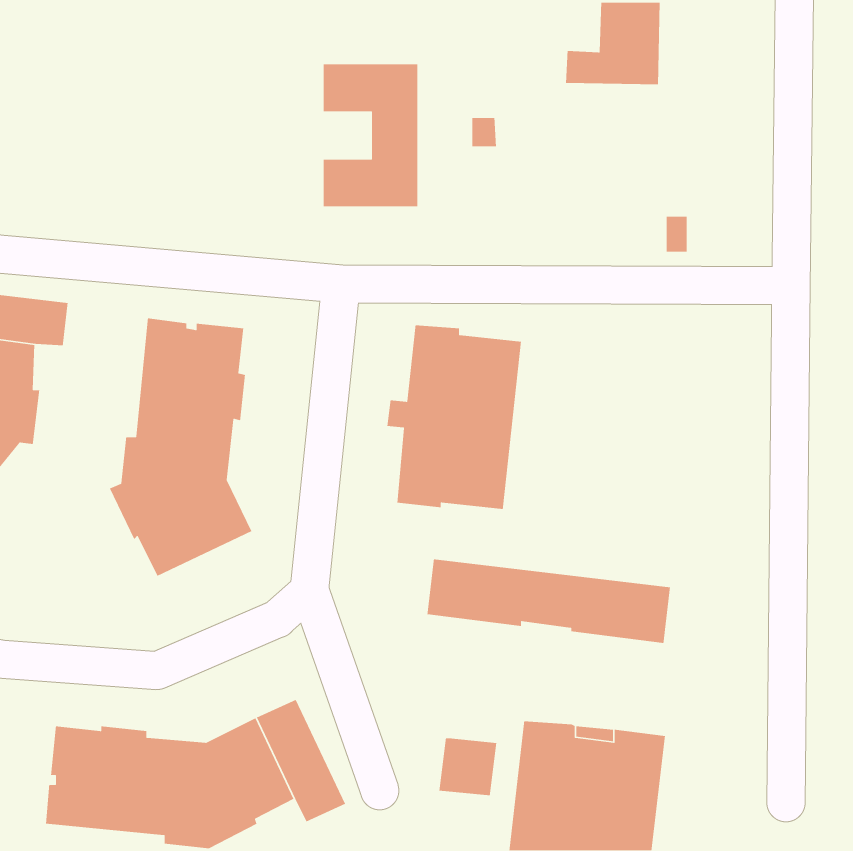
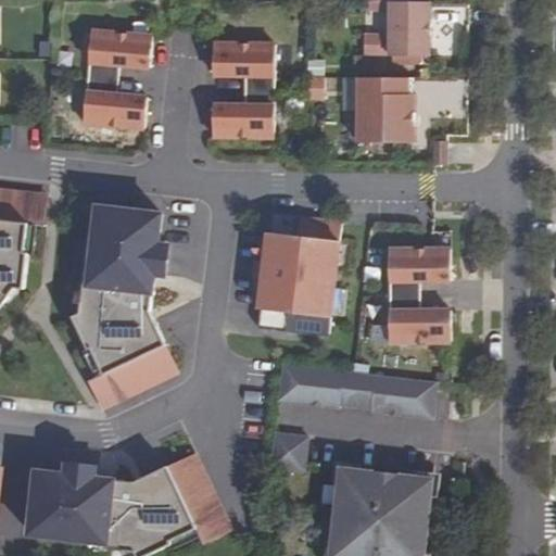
building: none -> [80,30,148,128]
building: none -> [357,76,412,134]
building: none -> [387,247,448,340]
building: none -> [88,345,177,407]
building: [438,738,497,796] -> [269,432,307,470]

